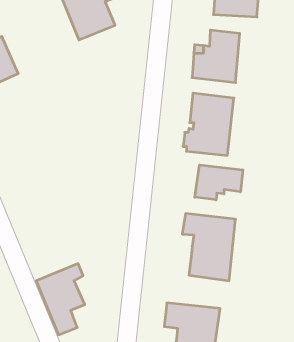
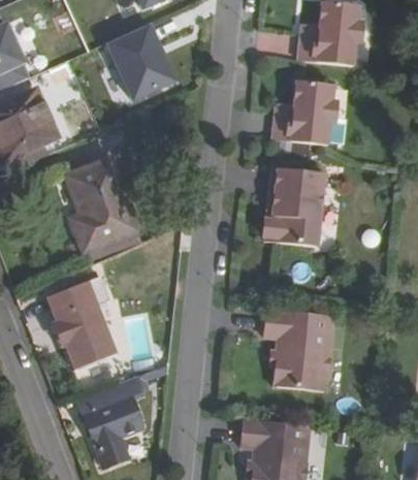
building: none -> [68,158,138,248]
building: [195,165,243,200] -> none
building: none -> [40,281,112,369]

